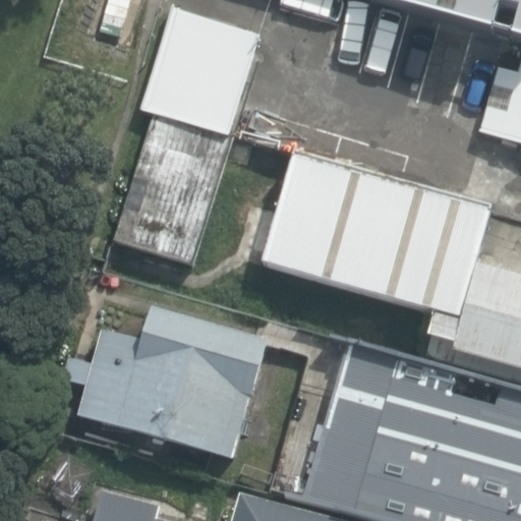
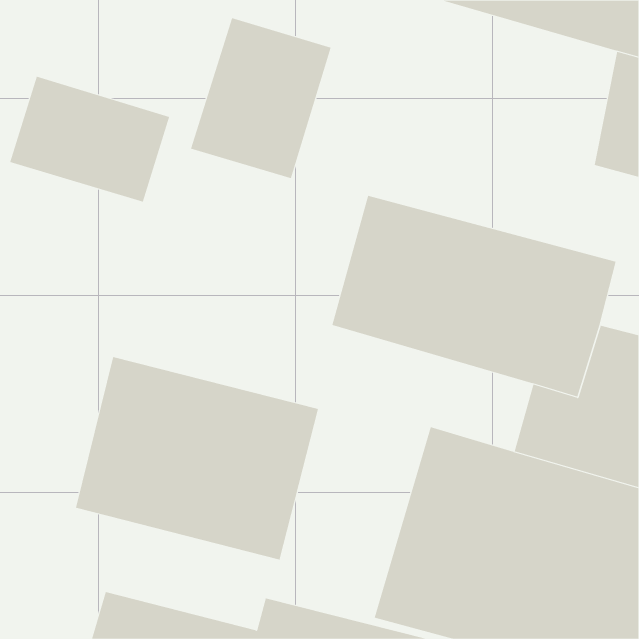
building: none -> [9,76,170,202]
building: [117,121,237,269] -> none

